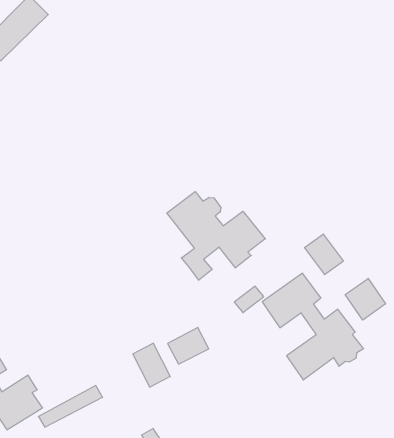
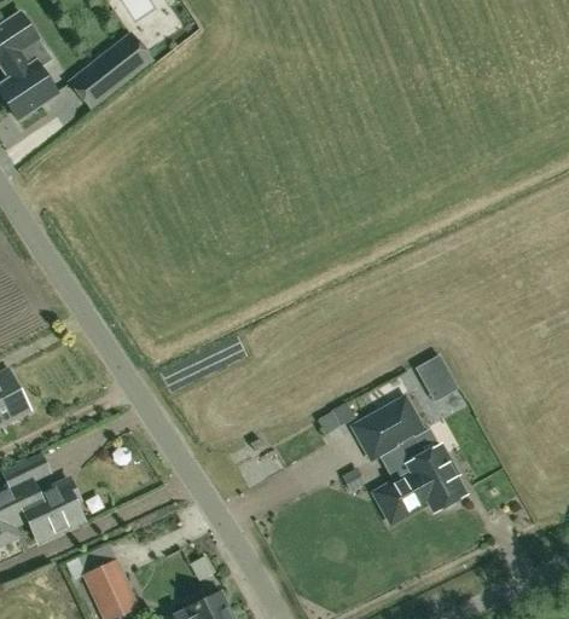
building: [167,192,265,280] -> none
building: [345,278,386,320] -> none
building: [133,343,170,387] -> none

